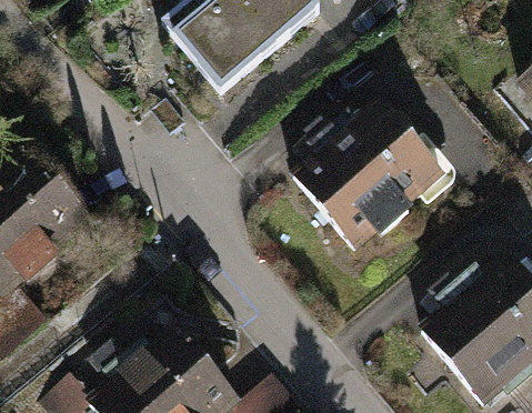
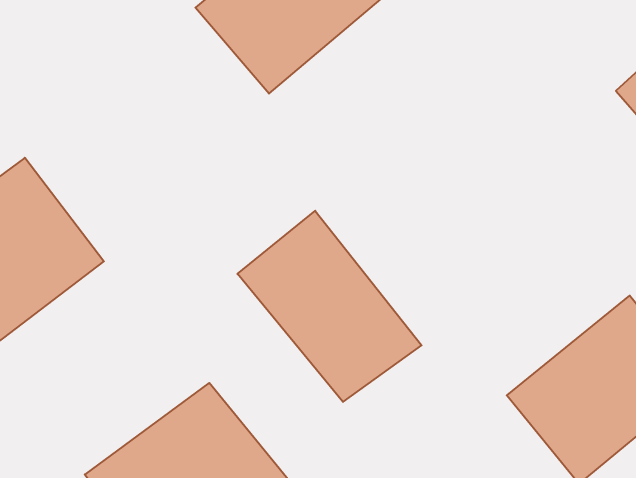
building: [312,90,471,242] -> none
building: none -> [237,211,422,402]

